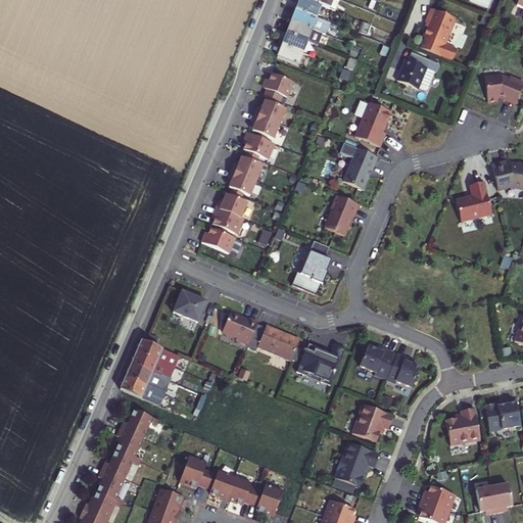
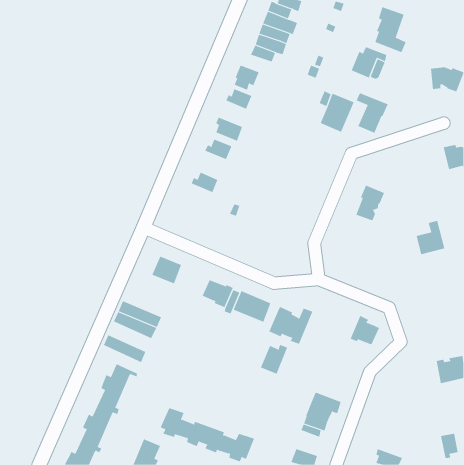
building: [249,112,276,137] -> none
building: [344,145,381,191] -> [356,92,389,134]
building: [226,169,253,193] -> none
building: [462,183,494,222] -> [416,220,445,255]
building: [329,196,362,237] -> [356,185,385,221]
building: [210,205,241,232] -> none
building: [199,226,233,251] -> none
building: [295,241,335,296] -> none
building: [364,344,398,377] -> none
building: [121,360,170,393] -> none
building: none -> [260,344,288,375]
building: [356,400,397,438] -> none
building: [448,405,484,442] -> none
building: [422,486,457,512] -> none
building: [476,487,497,515] -> none

